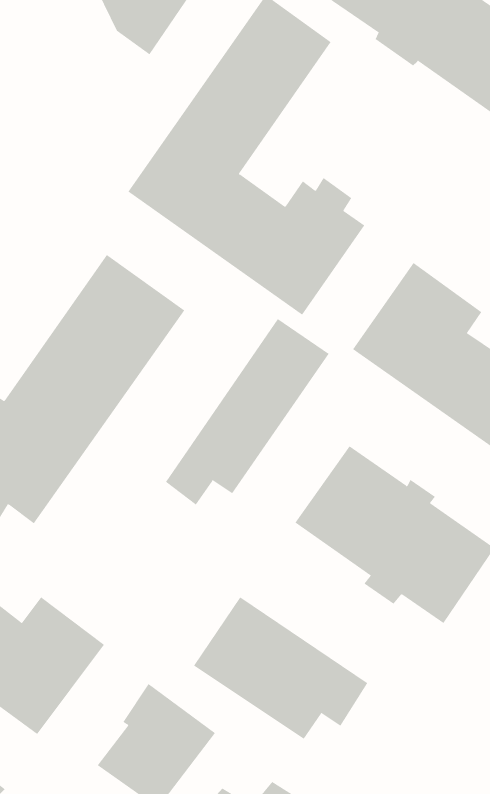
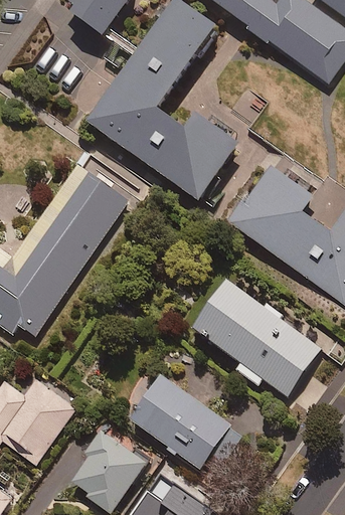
building: [165,318,330,506] -> none

